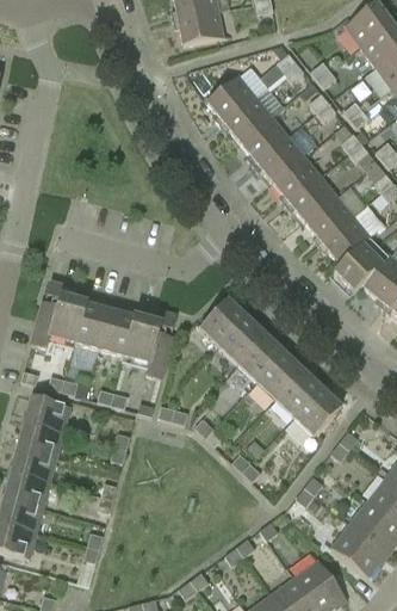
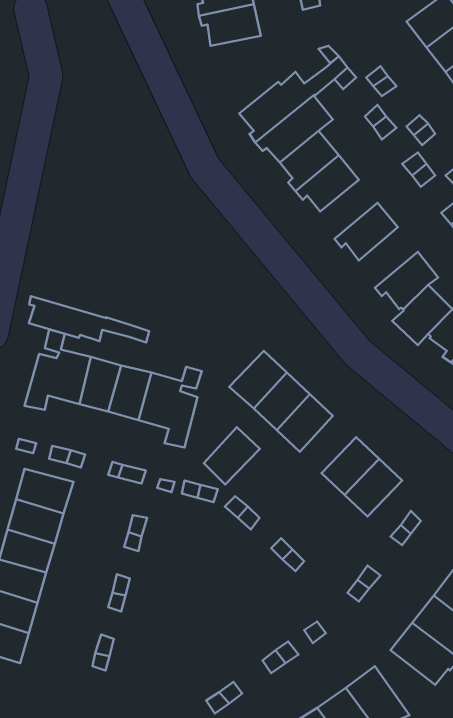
building: [273,156,321,205] -> none
building: [305,196,354,246] -> none
building: none -> [29,296,149,342]
building: [256,352,303,400] -> [204,427,260,485]

